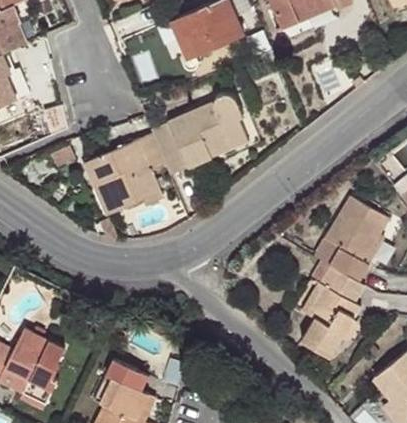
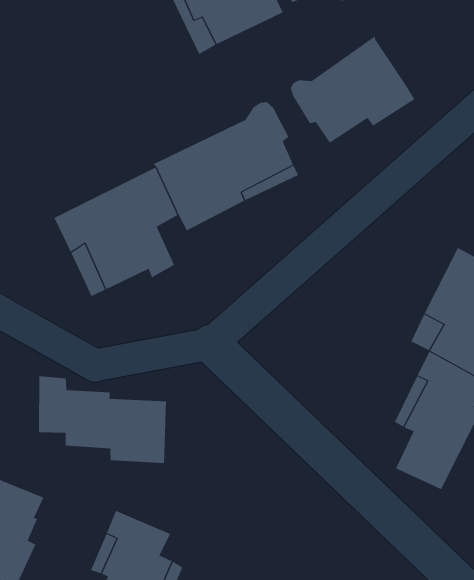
building: none -> [290,35,415,144]
building: none -> [38,375,167,464]

